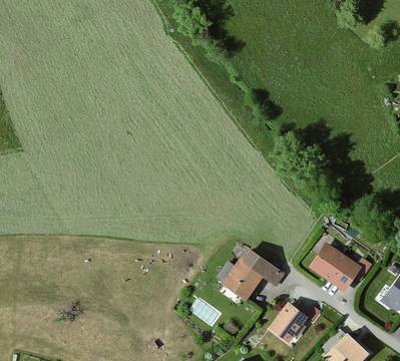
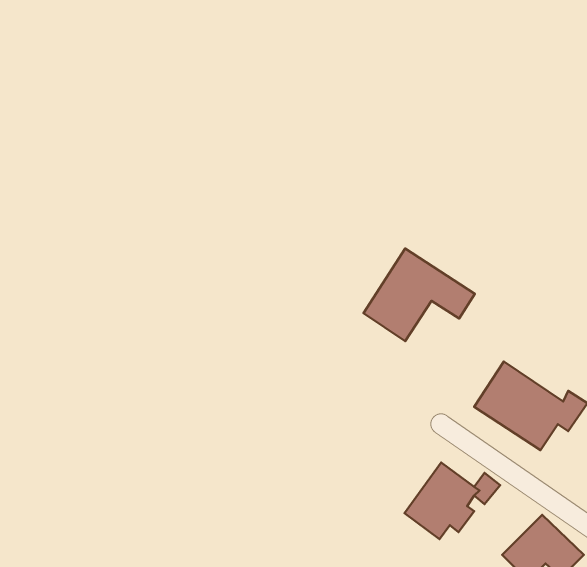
building: [222,246,286,299] -> [364,249,475,341]

